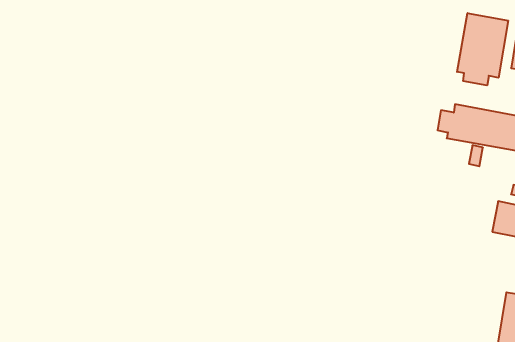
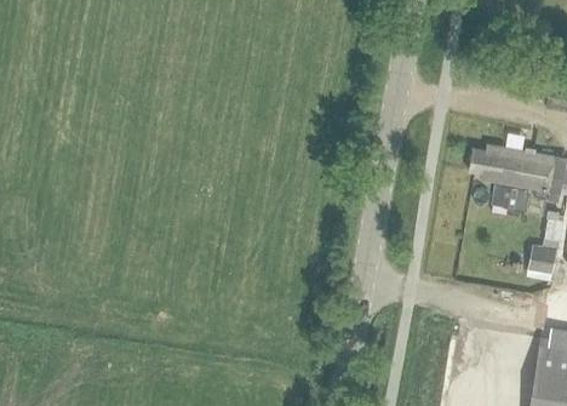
building: [457,13,508,85] -> none

